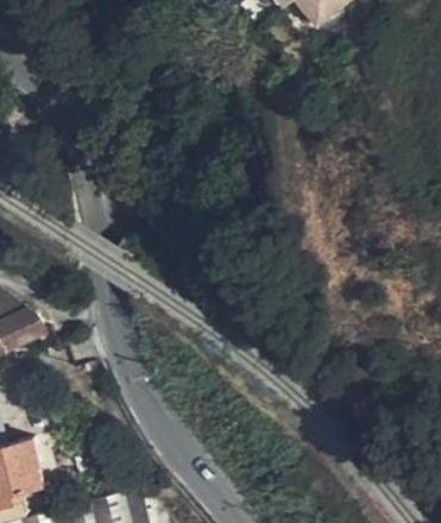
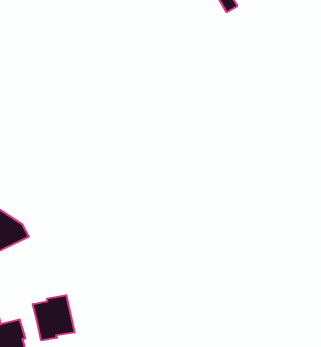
building: none -> [33,295,74,340]

